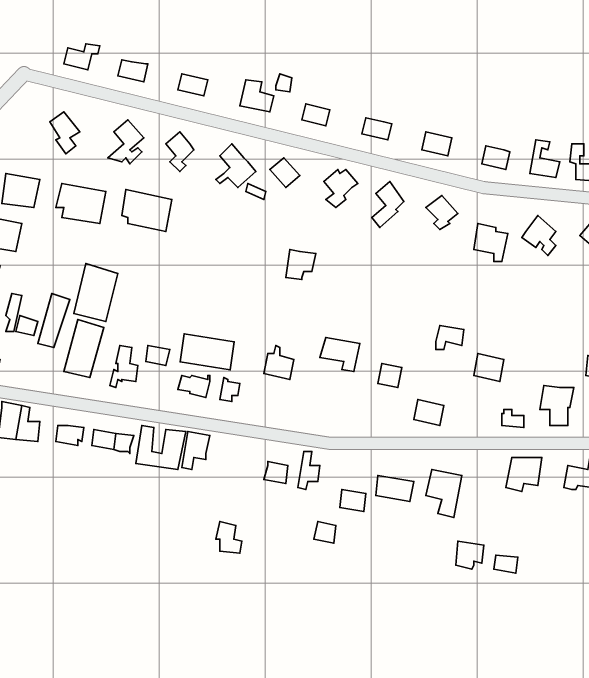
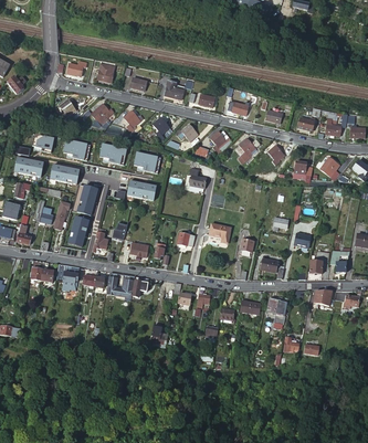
building: none -> [134,150,161,173]
building: none -> [50,161,80,182]
building: [180,334,234,370] -> [127,179,157,199]

